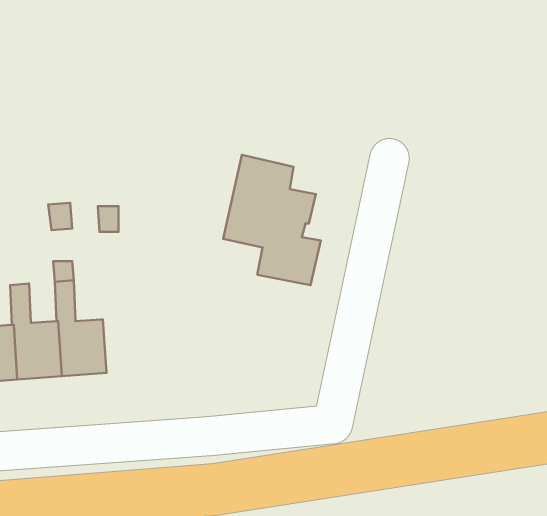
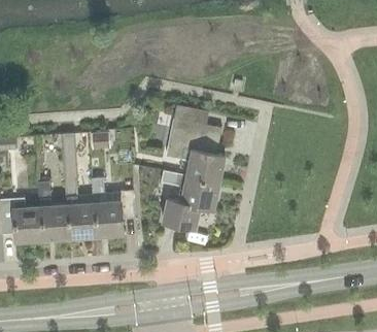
building: none -> [161,171,218,230]
building: none -> [92,178,135,236]

